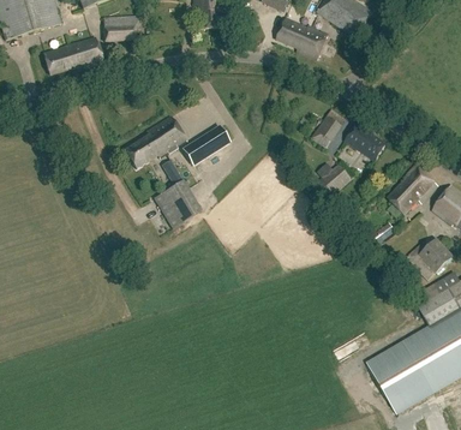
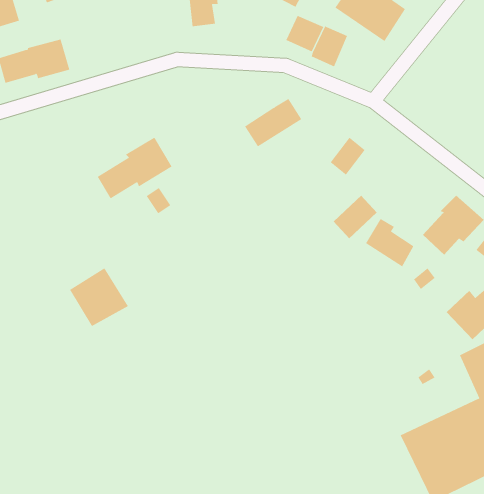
building: [102,16,142,42] -> none
building: [346,120,385,160] -> [365,218,414,267]
building: [181,126,228,166] -> [244,98,302,147]
building: [154,180,202,228] -> [69,268,129,327]

